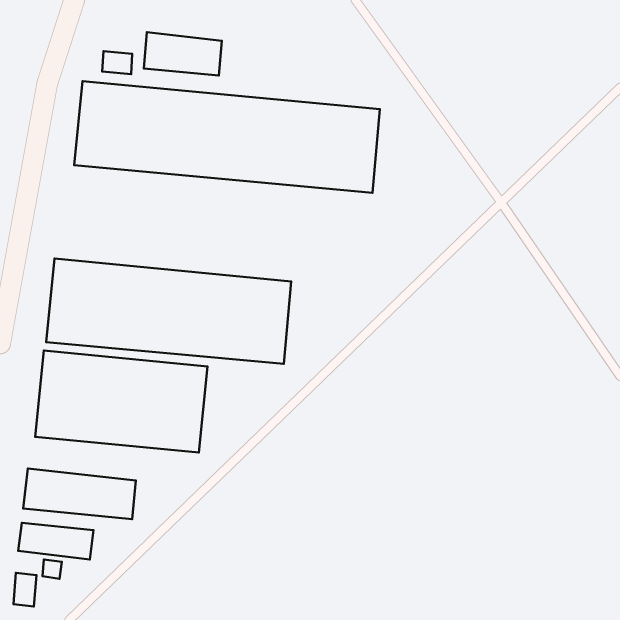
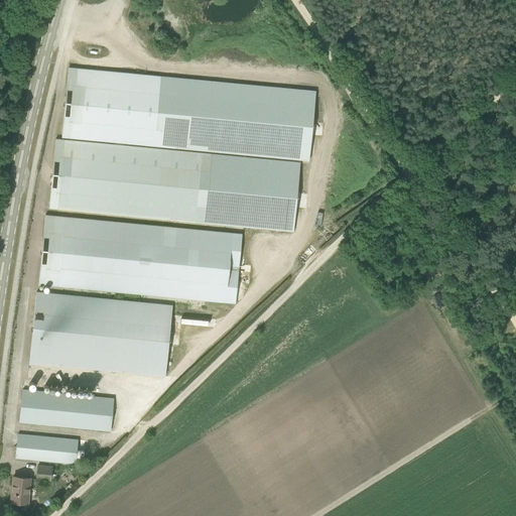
building: [144,32,222,75] -> none
building: [102,51,132,74] -> none
building: none -> [49,139,300,232]

